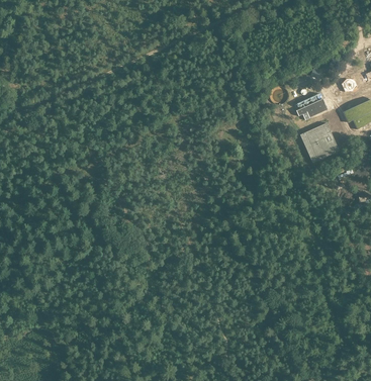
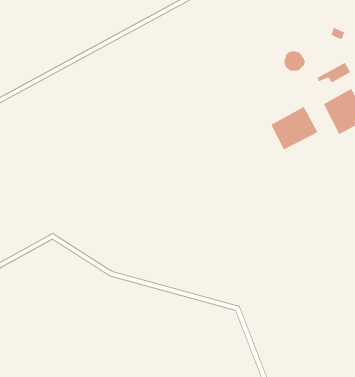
building: none -> [270,106,318,151]

